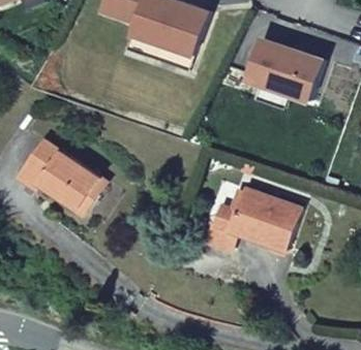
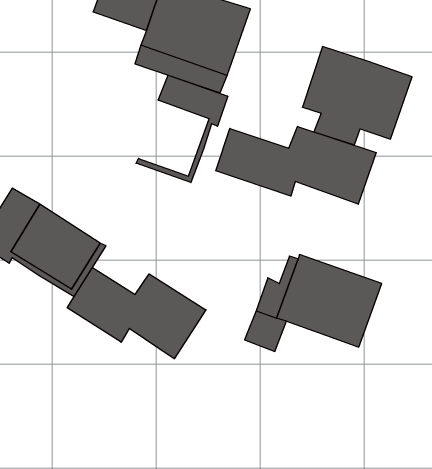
building: none -> [136,75,228,183]
building: none -> [216,126,376,204]
building: none -> [67,268,206,359]

